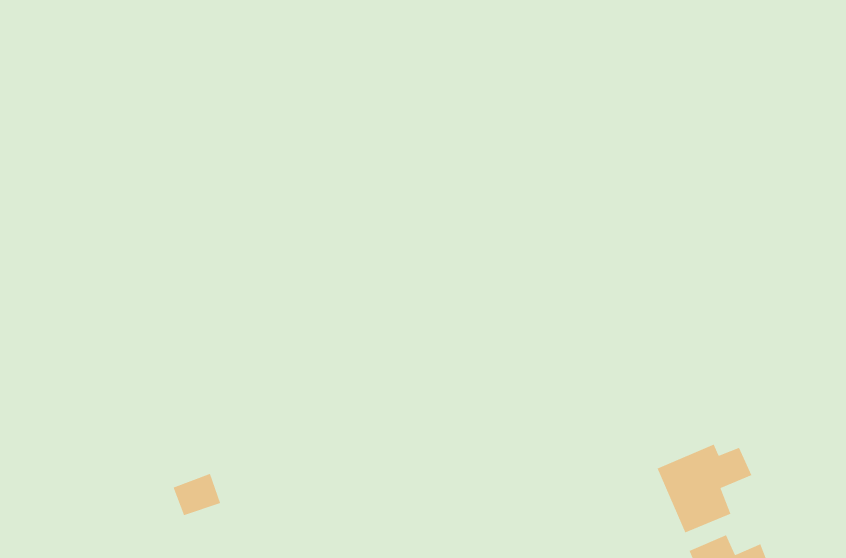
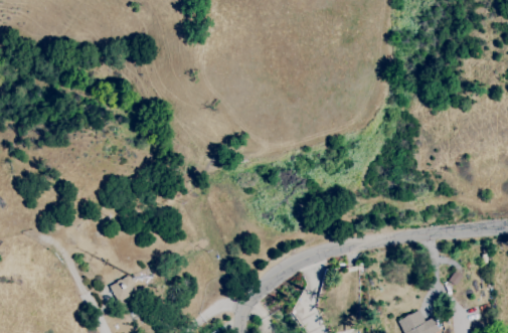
building: [657,444,753,533] -> none

